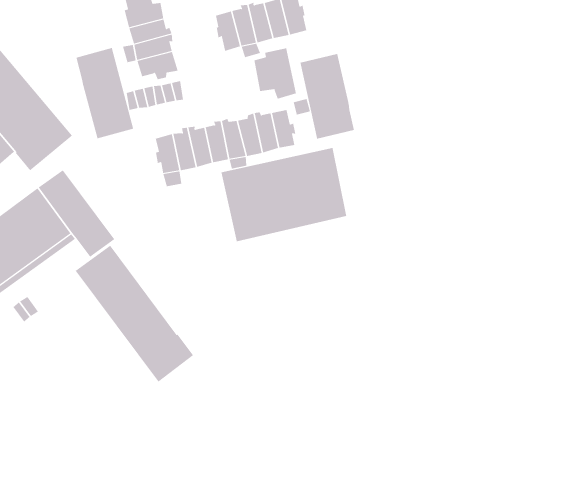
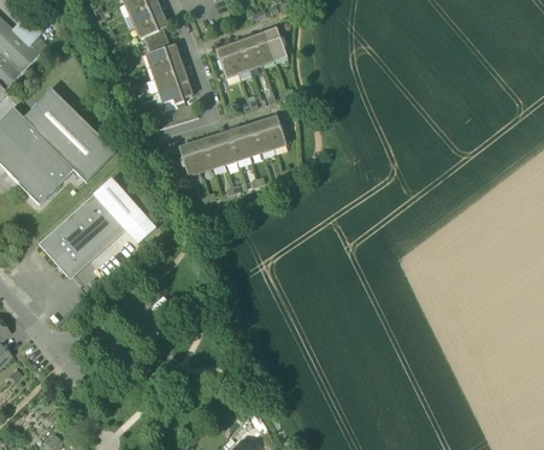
building: [76,47,134,139] -> none
building: [254,48,297,99] -> none
building: [300,53,354,139] -> none
building: [221,147,347,242] -> none
building: [75,245,194,383] -> none

